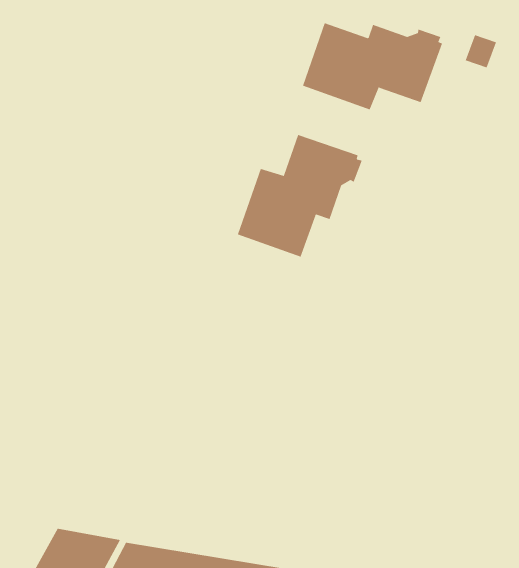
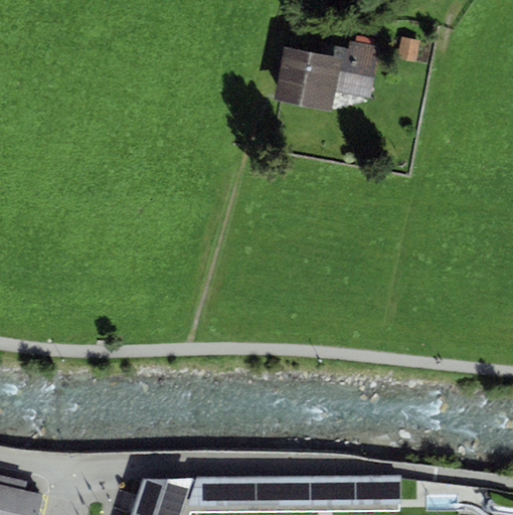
building: [237,134,362,257] -> none

